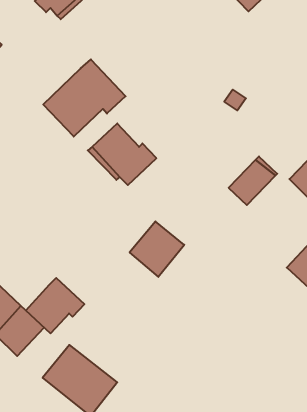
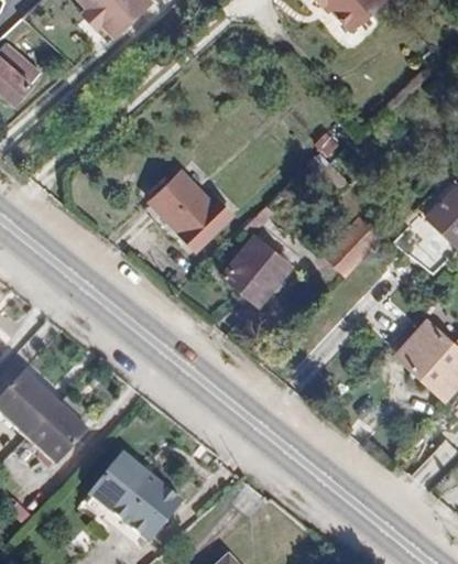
building: [43,59,126,137] -> none
building: [130,221,184,277] -> [221,234,291,304]
building: [26,278,84,333] -> none

